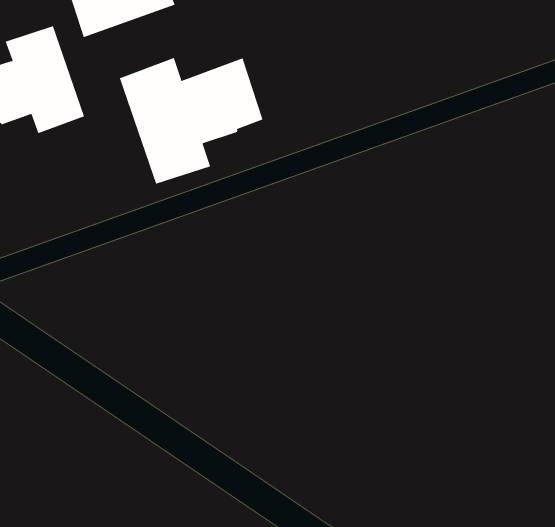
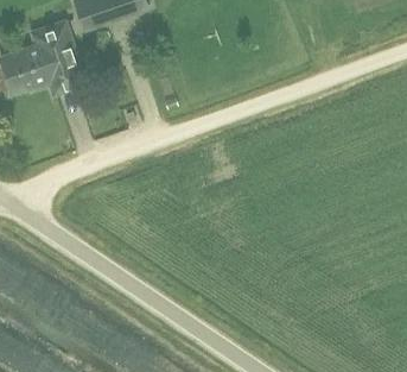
building: [119,57,263,184] -> none

